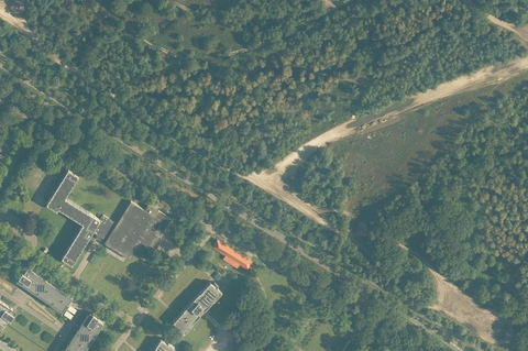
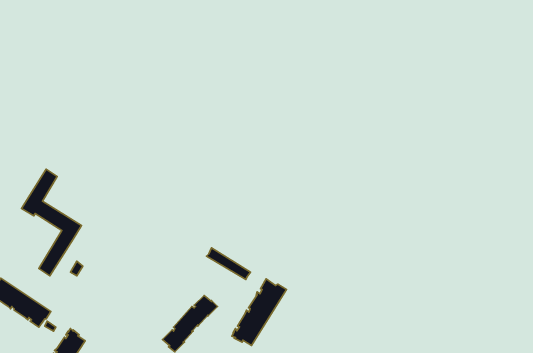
building: [91,202,169,262] -> none
building: none -> [232,279,286,346]

